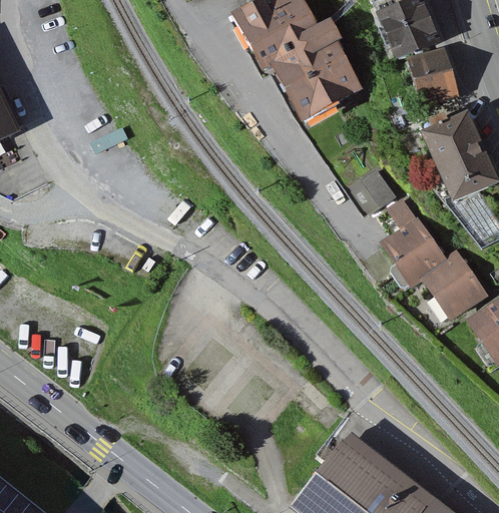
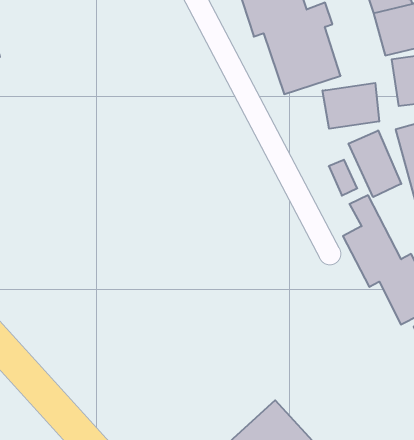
building: none -> [323,83,379,129]
building: none -> [349,130,401,197]

